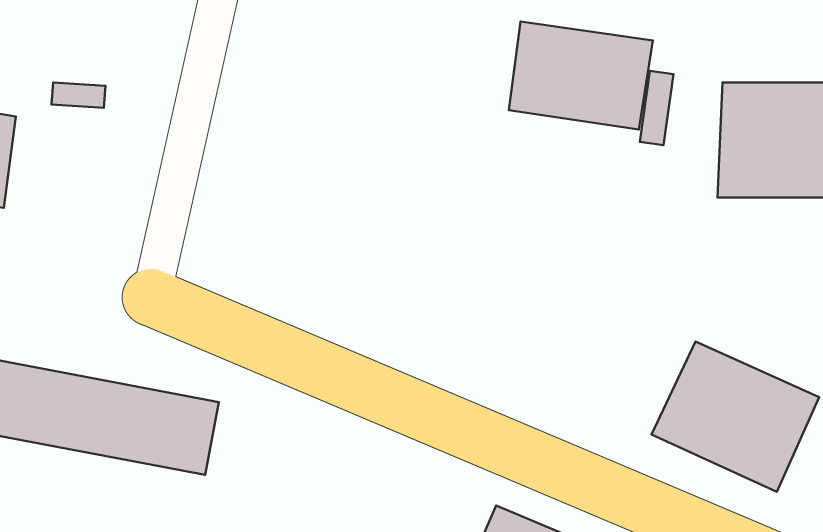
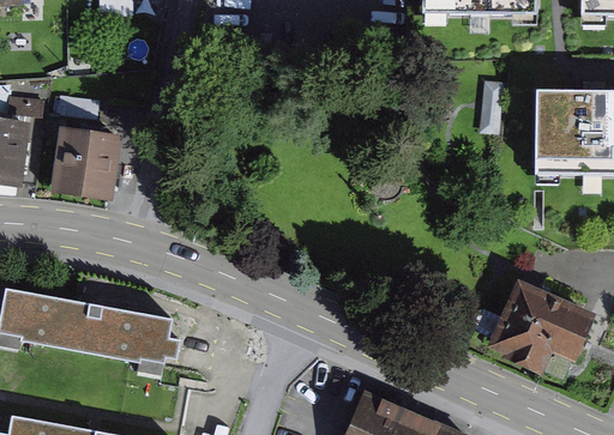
building: [509,22,653,129] -> none
building: none -> [43,122,127,205]

